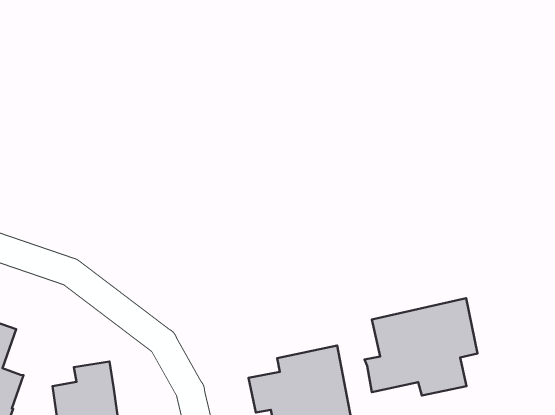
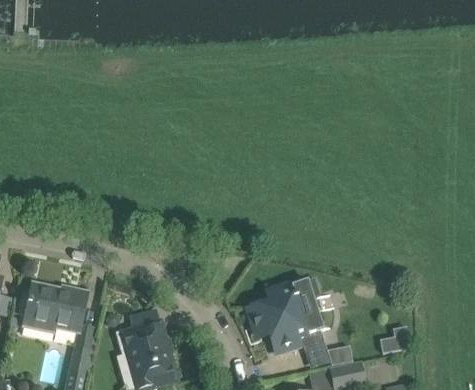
building: [364,298,477,395] -> none

